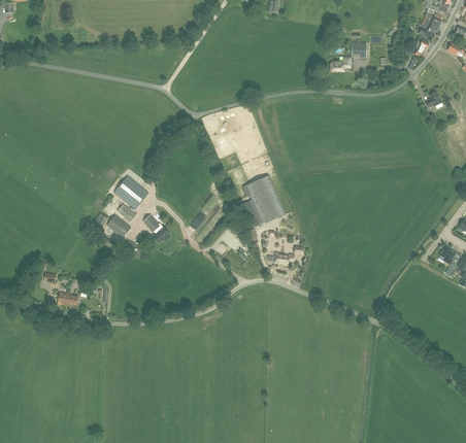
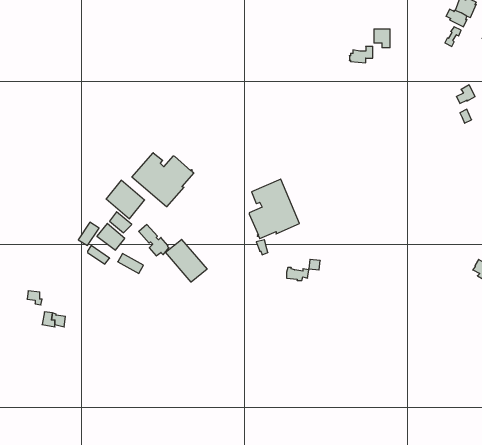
building: none -> [132,153,194,207]
building: none -> [165,239,207,282]

